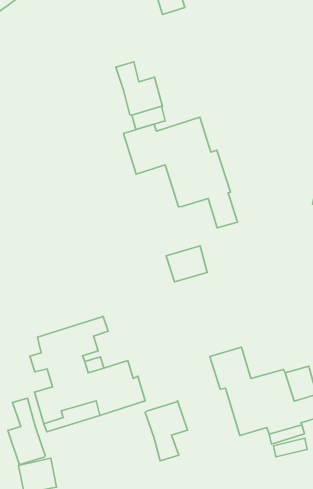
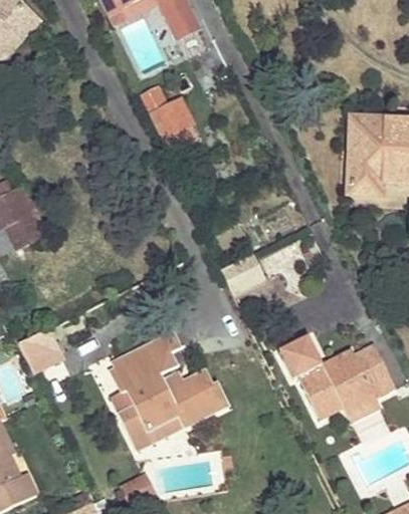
building: [123,117,237,228] -> none
building: [8,398,45,465] -> none
building: [145,401,188,461] -> none

